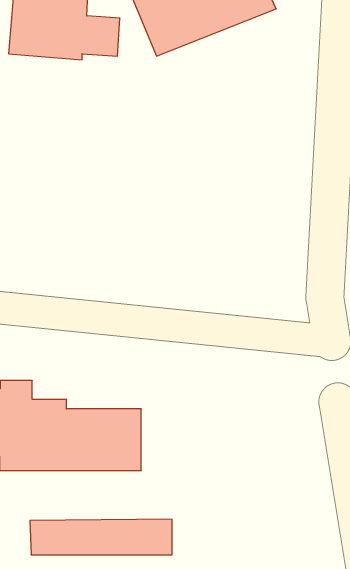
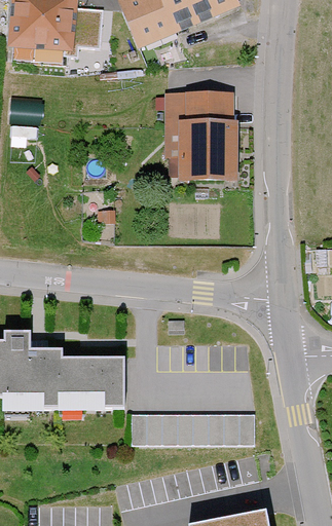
building: none -> [165,92,237,187]
building: [30,519,172,555] -> [132,414,255,445]

